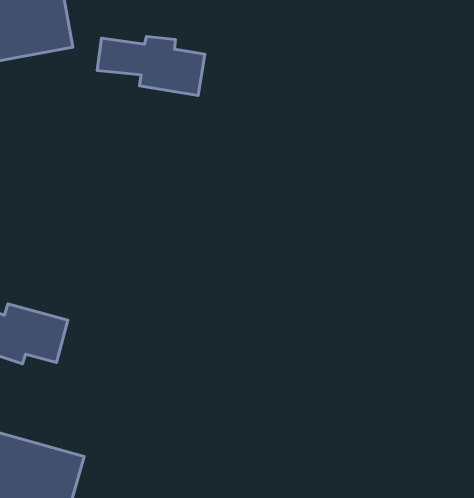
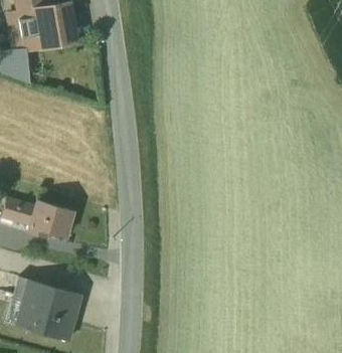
building: [97,36,205,95] -> none

